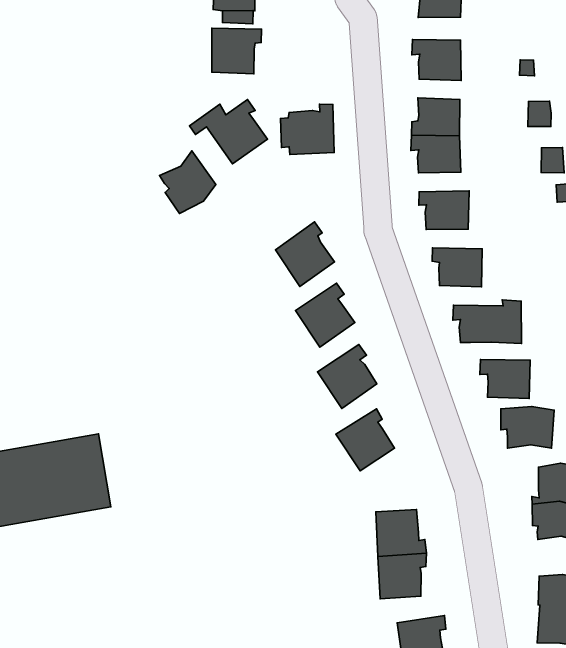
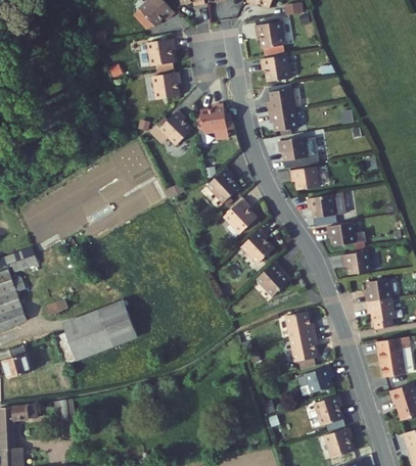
building: [160,151,216,213] -> none

